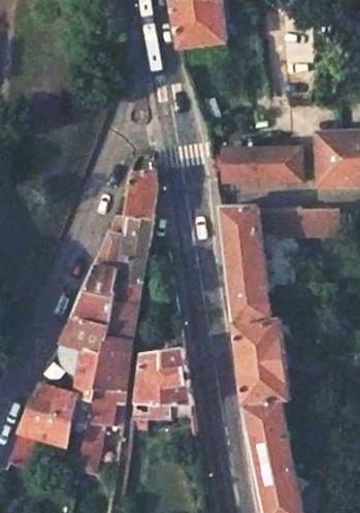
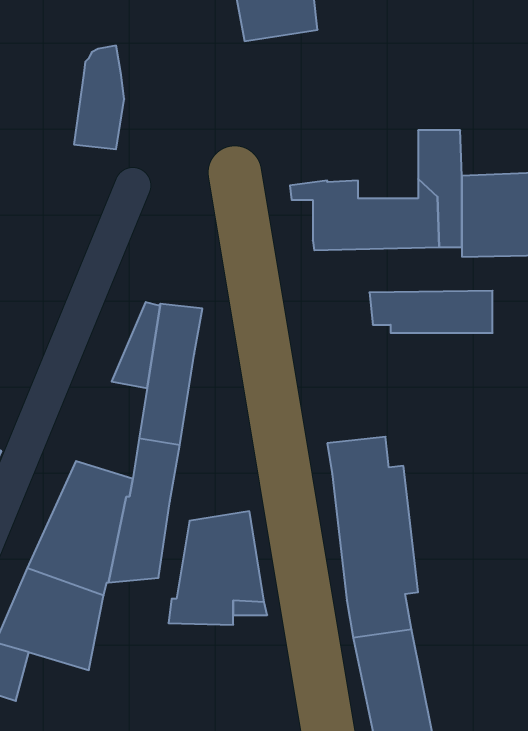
building: [124,154,156,220] -> [74,46,124,149]
building: [219,210,267,306] -> none
building: [70,266,116,328] -> none
building: [73,391,123,474] -> none

